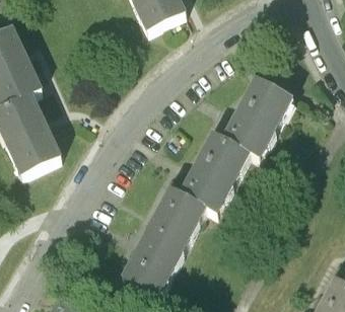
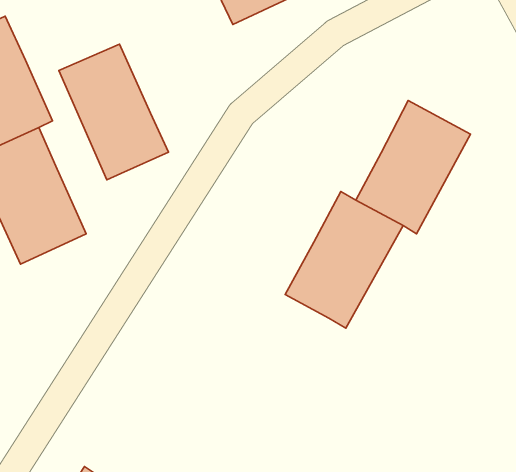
building: none -> [59,44,168,180]
building: [121,190,205,298] -> none

